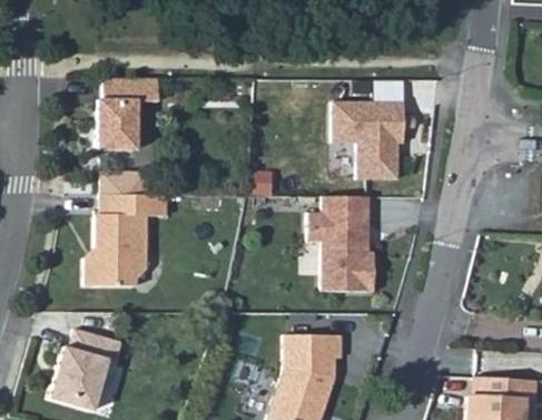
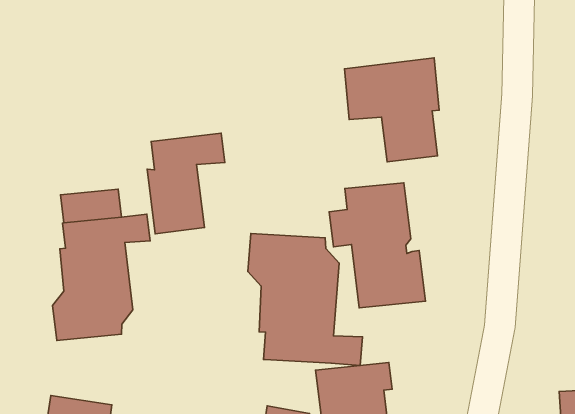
building: [98,79,159,152] -> [147,133,225,234]
building: none -> [248,234,362,366]

